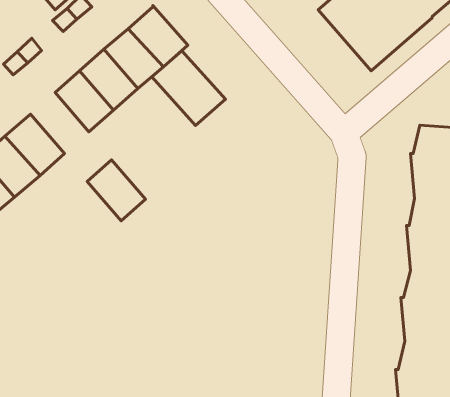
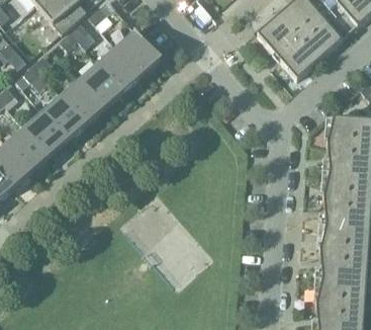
building: [152,51,225,125] -> none
building: [87,160,146,221] -> [43,93,87,139]

